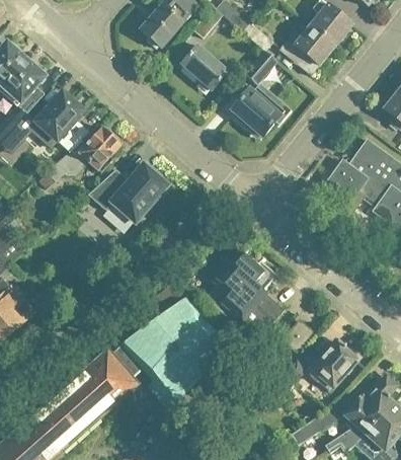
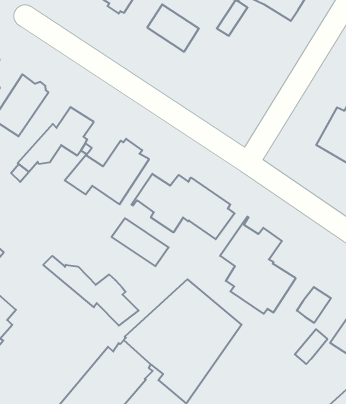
building: [231,82,292,136] -> none
building: none -> [131,174,235,239]
building: none -> [112,218,169,266]
building: none -> [43,256,139,326]

